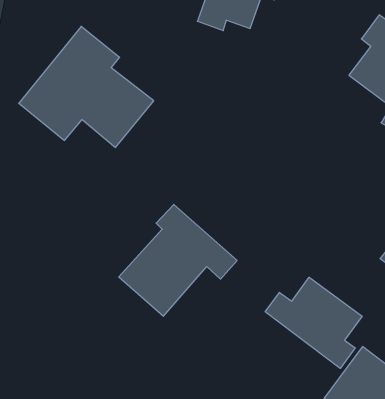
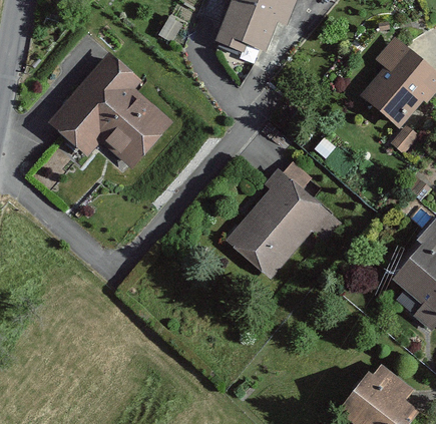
building: [119,204,237,316] -> [229,166,343,275]
building: [265,277,362,368] -> none

